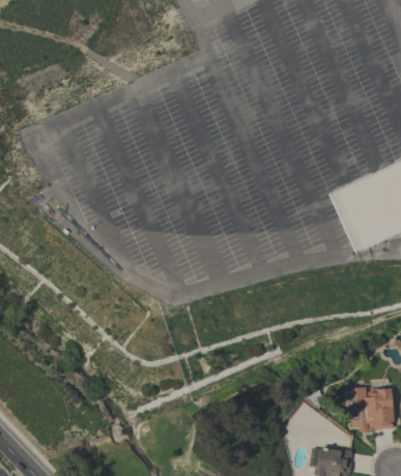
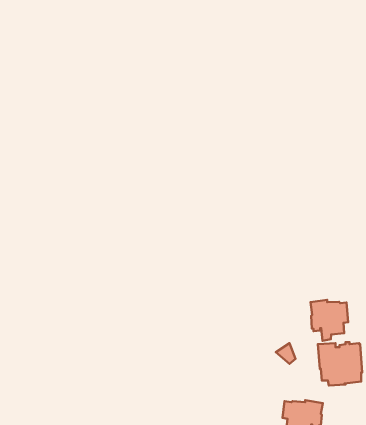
building: none -> [311,300,348,341]

